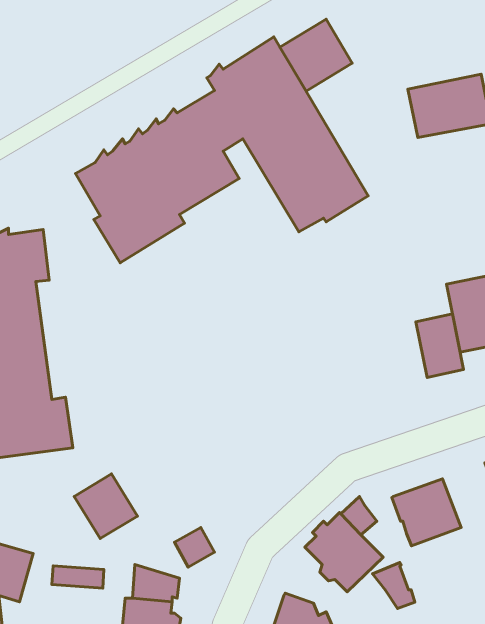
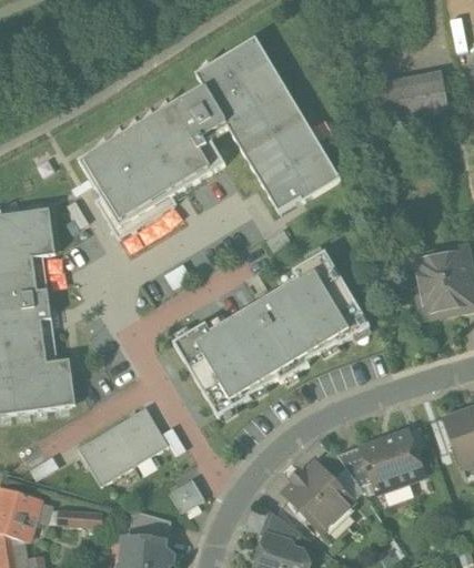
building: [280,19,352,91] -> none
building: none -> [173,248,371,415]
building: [416,314,463,377] -> none
building: none -> [111,405,169,464]
building: [373,563,415,608] -> [337,444,375,485]
building: none -> [260,508,302,541]

